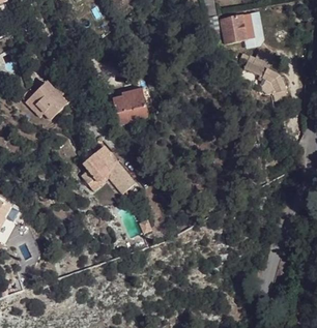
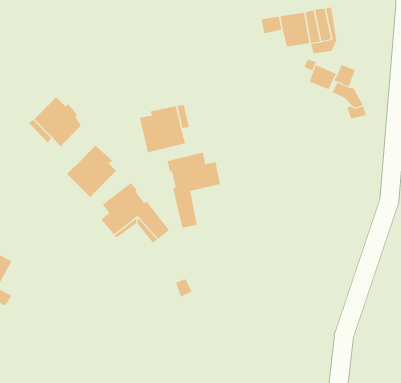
building: none -> [66,145,117,198]
building: none -> [167,152,221,229]

